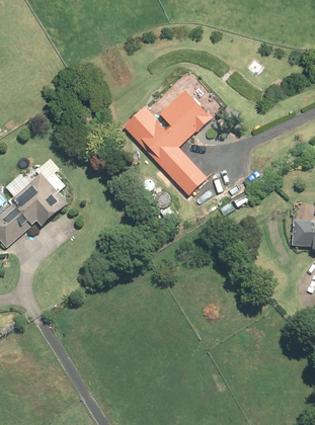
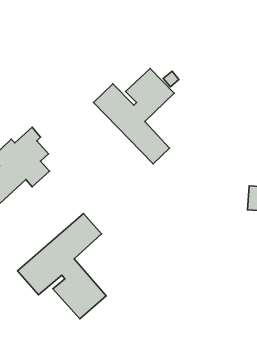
building: none -> [18,214,106,319]

